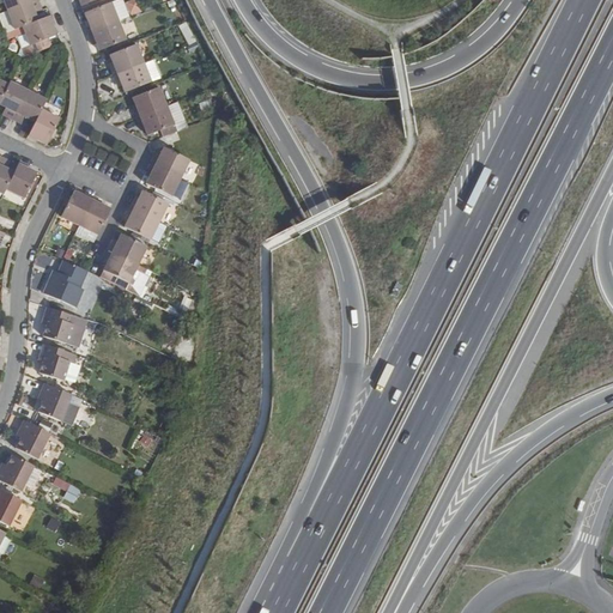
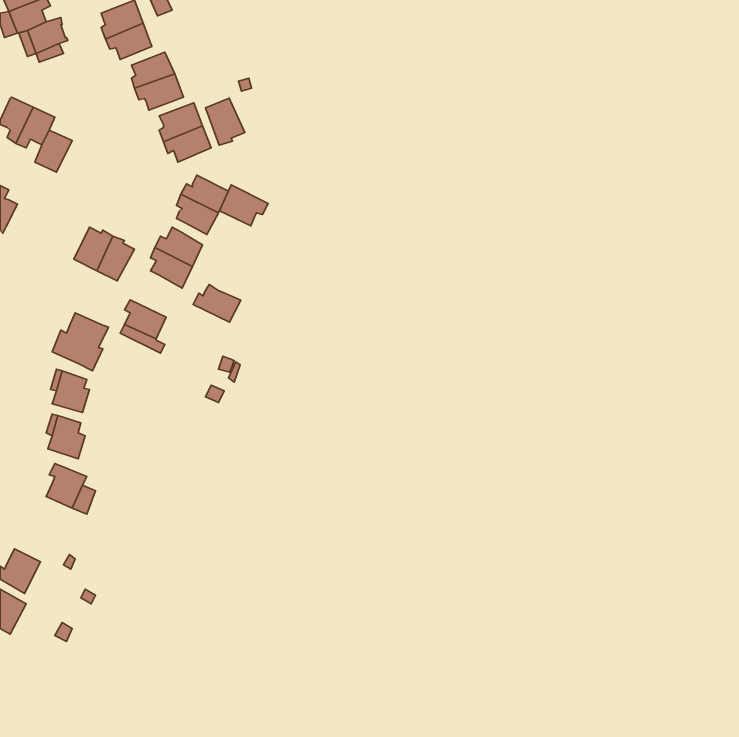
building: none -> [206,98,245,145]
building: none -> [220,185,268,226]
building: [5,160,36,196] -> none
building: [108,231,147,262] -> [193,284,241,322]
building: [16,419,50,457] -> none

